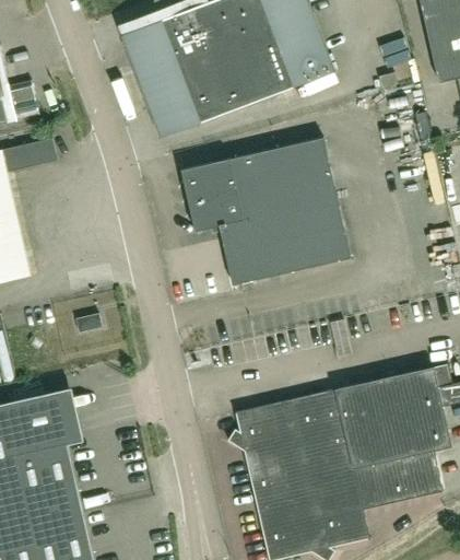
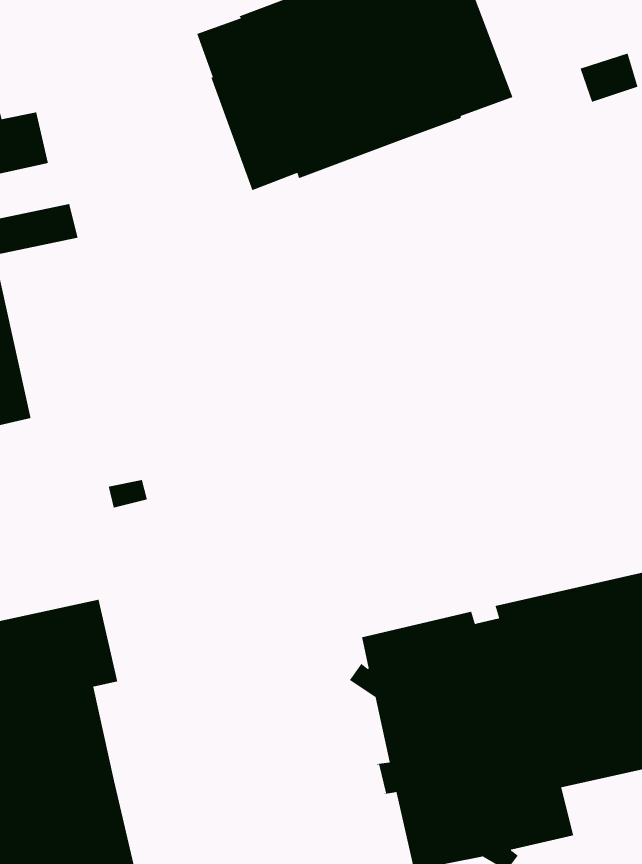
building: [182,137,352,285] -> none

